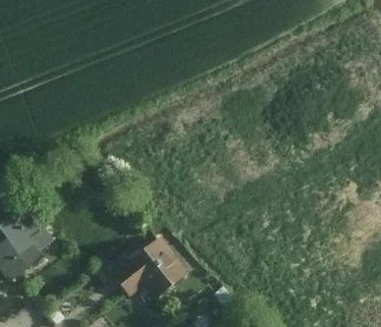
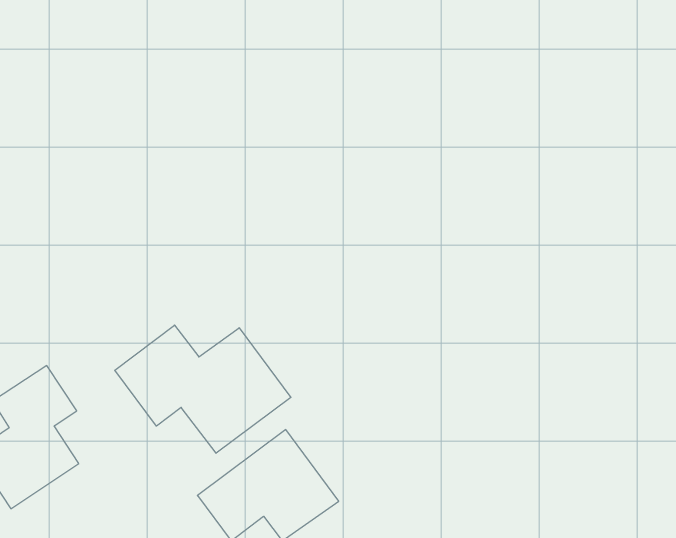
building: none -> [115,325,291,453]

